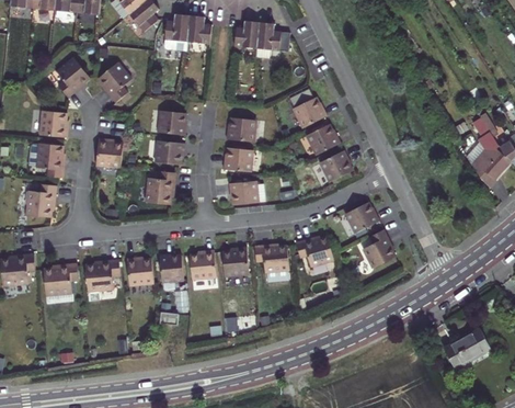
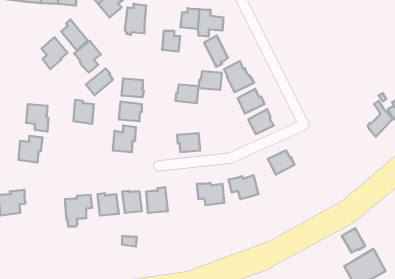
building: [187,15,210,42] -> [162,31,180,52]
building: none -> [61,19,87,50]
building: none -> [204,35,228,67]
building: none -> [86,69,113,95]
building: [39,109,68,136] -> none
building: [224,146,253,170] -> [199,71,222,90]
building: [363,228,396,267] -> none
building: [222,245,249,277] -> none
building: [44,261,79,293] -> none
building: none -> [342,228,365,252]

